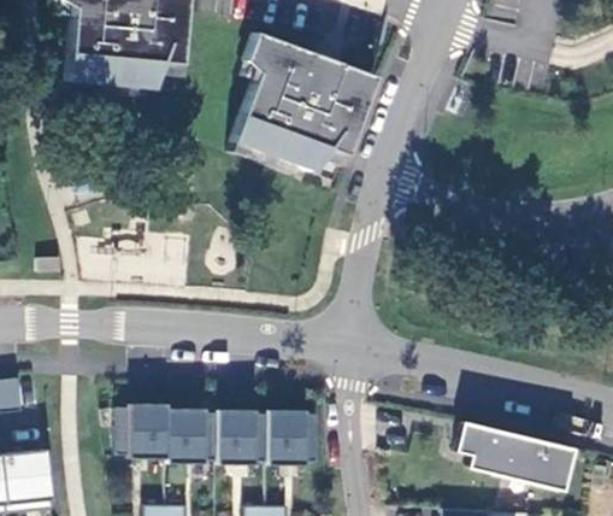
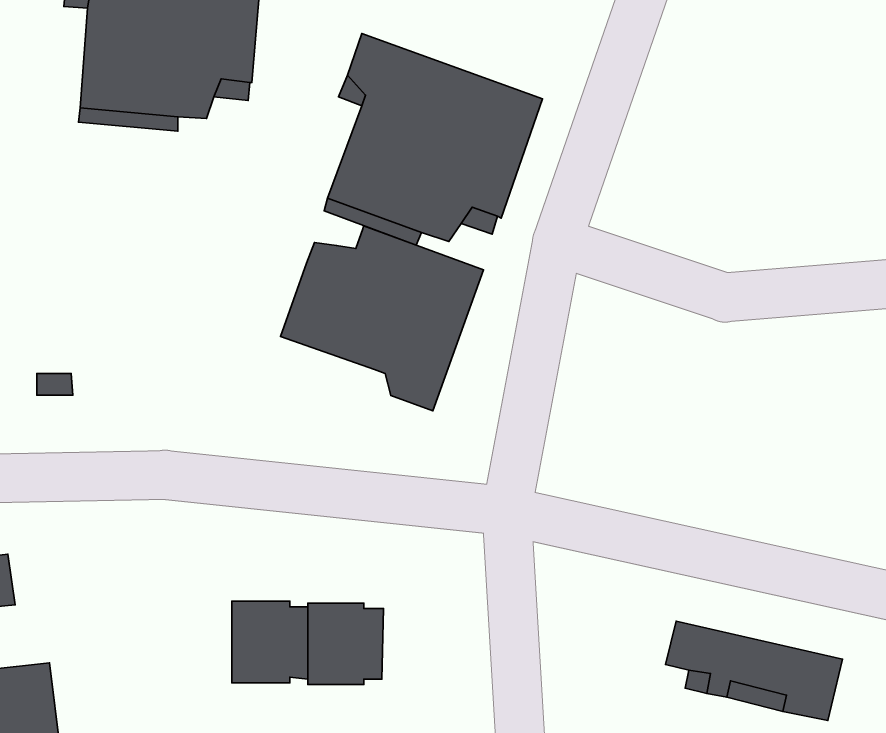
building: none -> [280,226,483,411]
building: [118,404,169,459] -> none
building: [269,410,319,464] -> none

